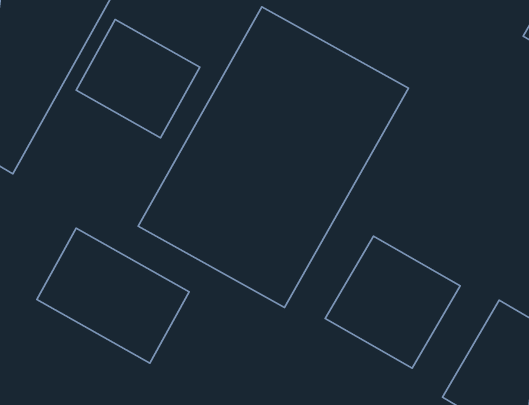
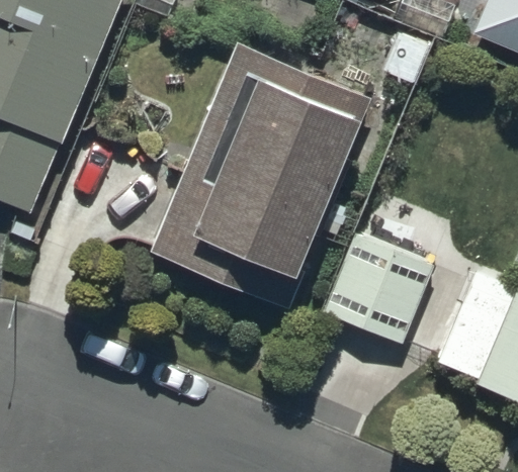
building: [76,19,200,138] -> none
building: [37,228,189,363] -> none

